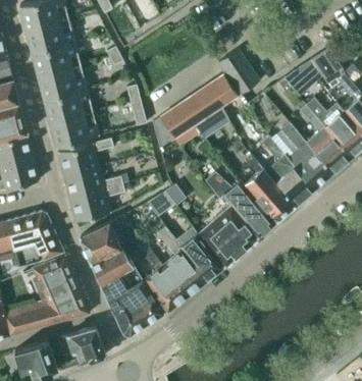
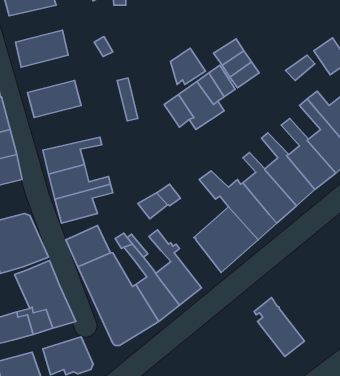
building: [27,17,76,52] -> none
building: [38,64,88,99] -> none
building: [153,110,186,144] -> [170,48,205,84]
building: [50,111,100,146] -> none
building: [177,226,224,281] -> [254,297,304,356]

